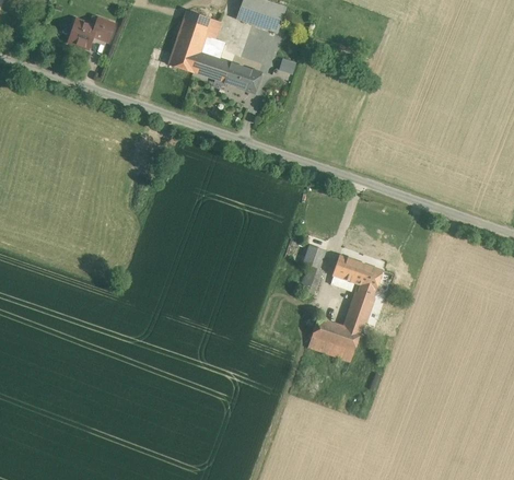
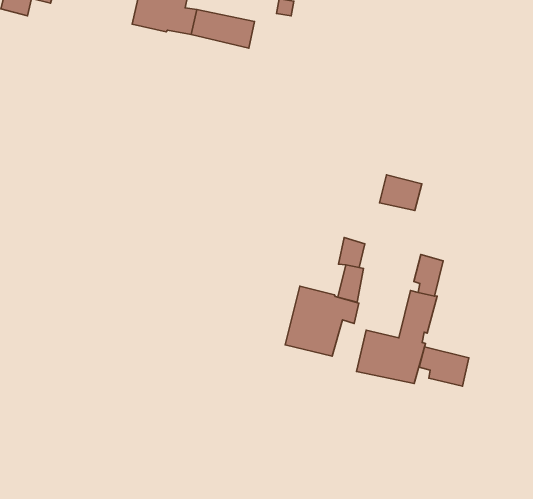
building: [332,254,366,283] -> [380,175,422,210]
building: none -> [285,286,359,356]
building: none -> [419,347,469,386]

